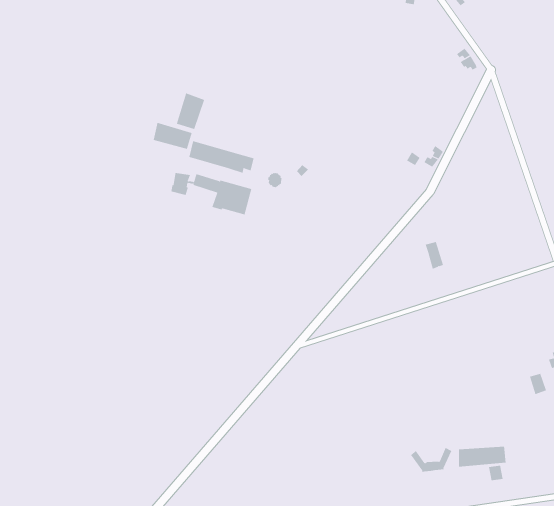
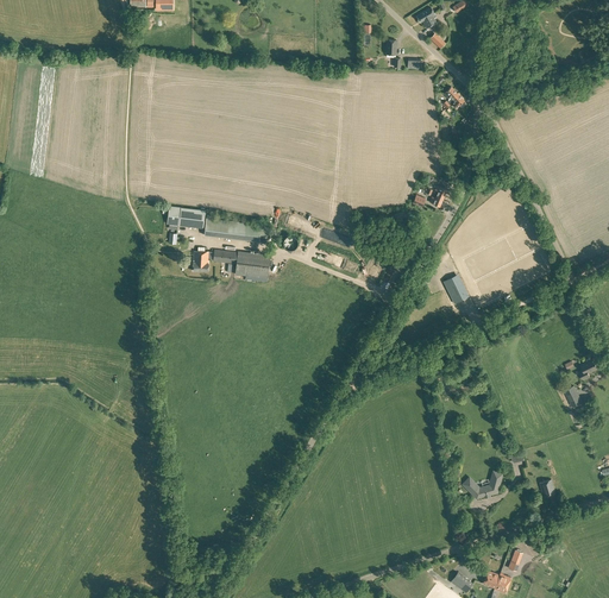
building: [176,93,205,130] -> none
building: [458,446,506,467] -> none

